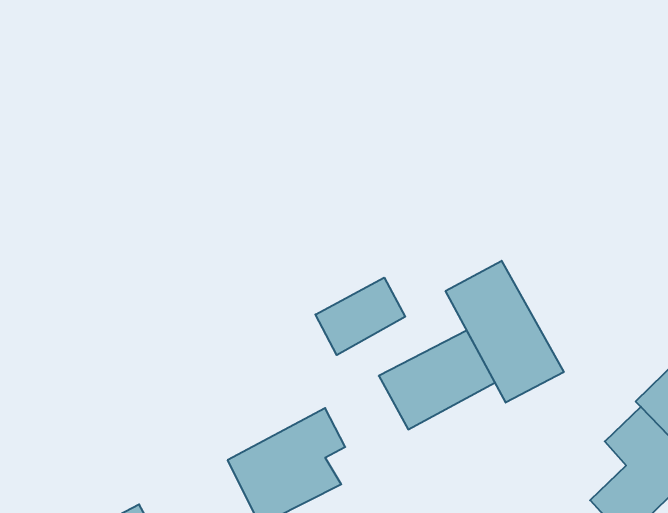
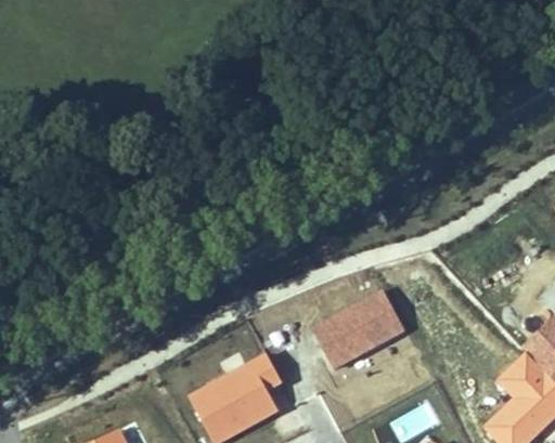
building: [446,261,564,403] -> none
building: [315,278,405,355] -> none

